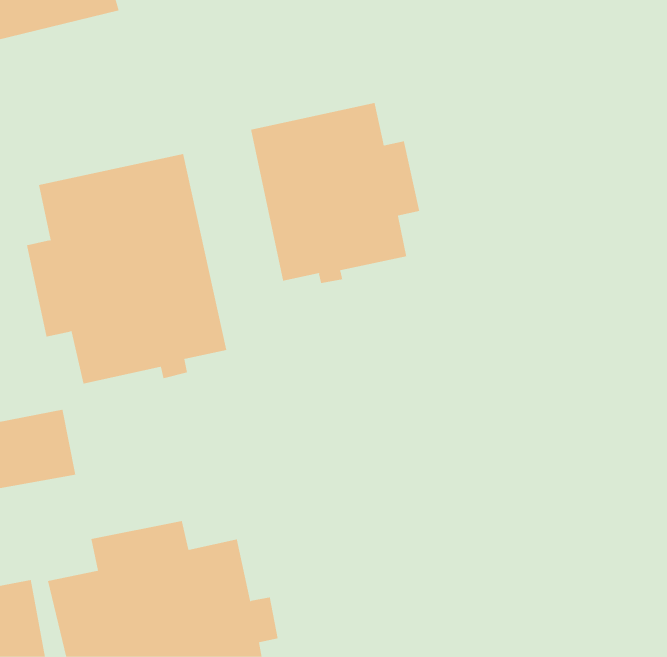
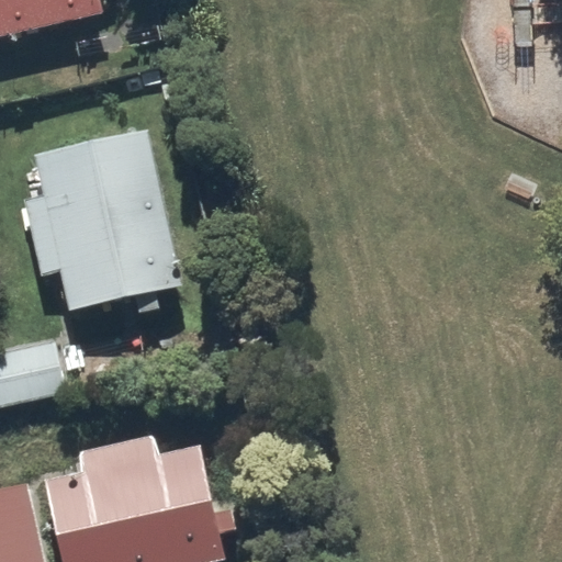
building: [250,102,420,284] -> none

